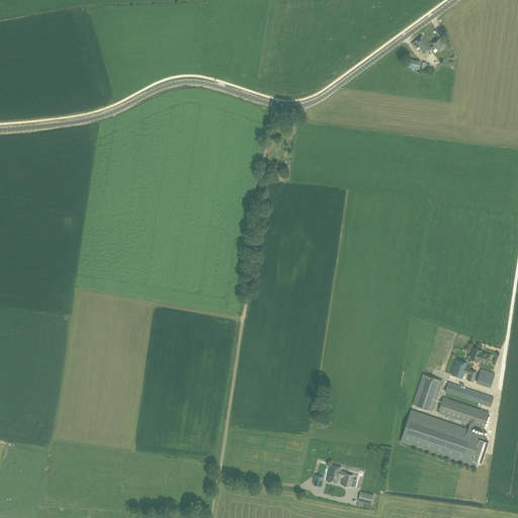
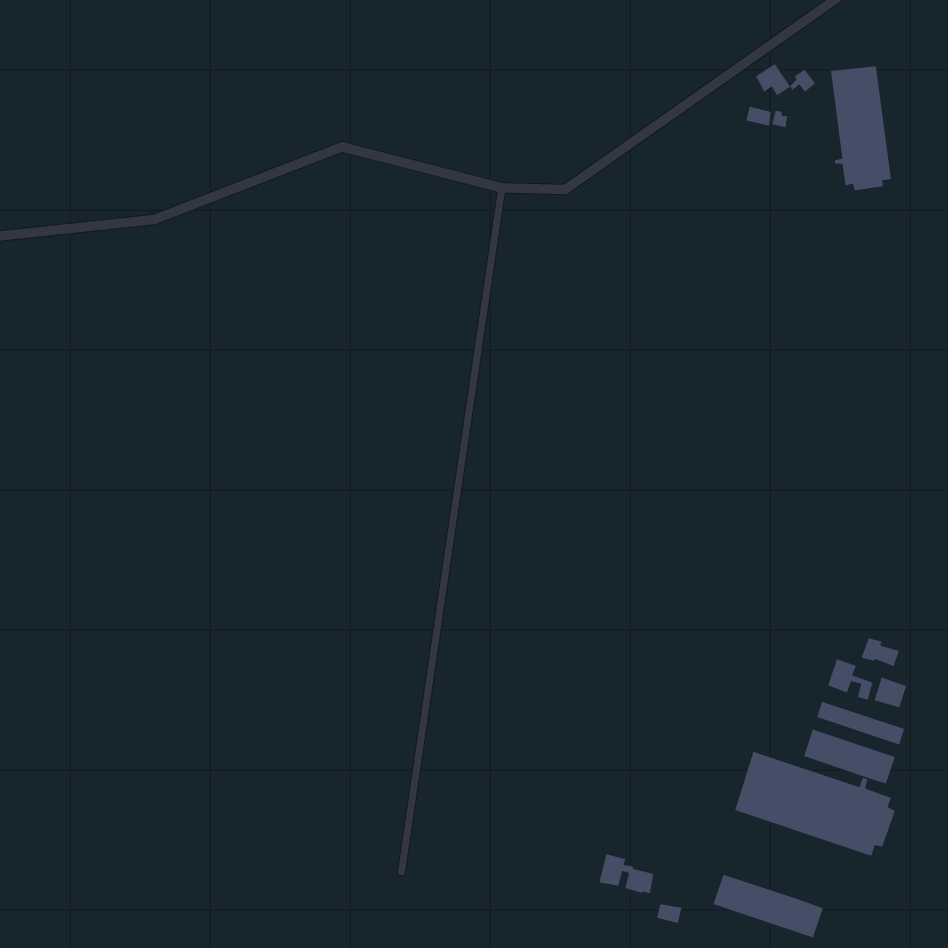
building: none -> [830,65,892,191]
building: [412,372,442,410] -> none
building: none -> [713,874,824,939]

